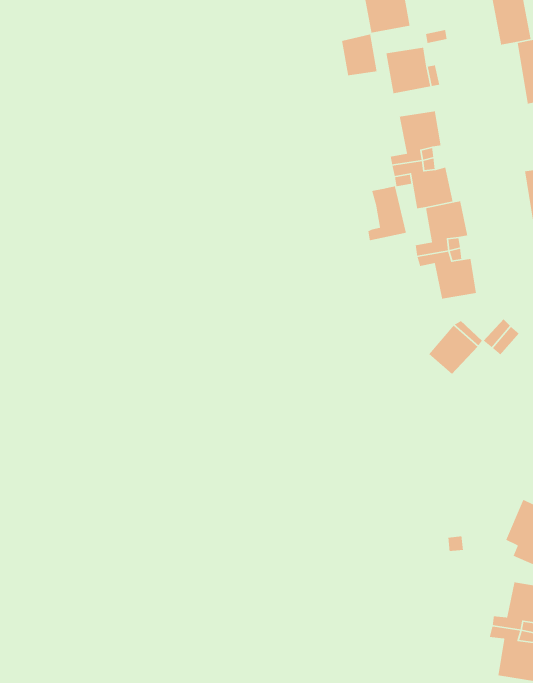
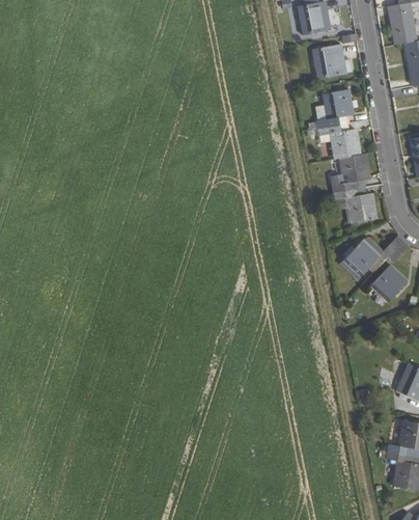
building: [341,34,377,76] -> none
building: [367,186,407,241] -> none
building: none -> [369,265,406,301]

